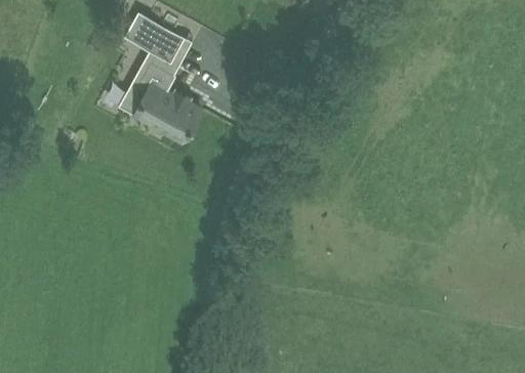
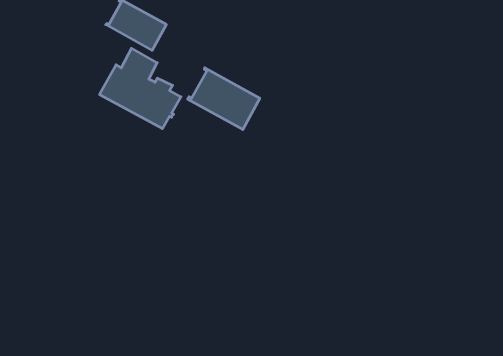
building: none -> [188,68,260,130]

